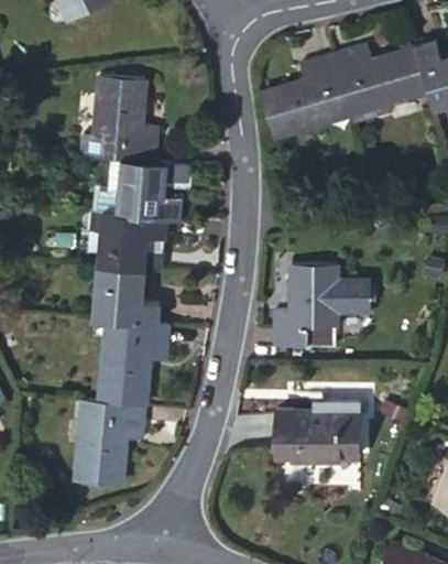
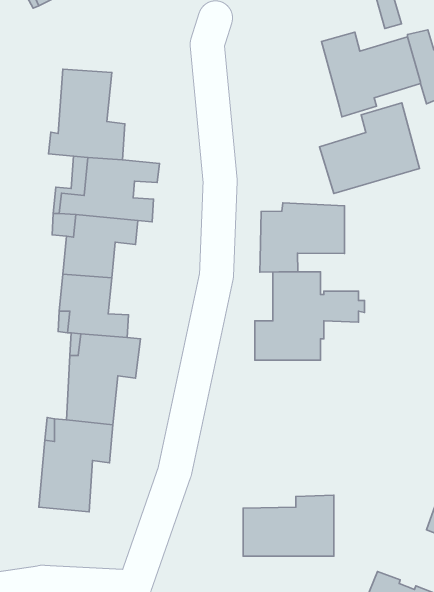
building: [261,52,353,135] -> [319,103,420,194]
building: none -> [260,203,345,272]
building: [275,400,359,456] -> [243,495,334,556]

